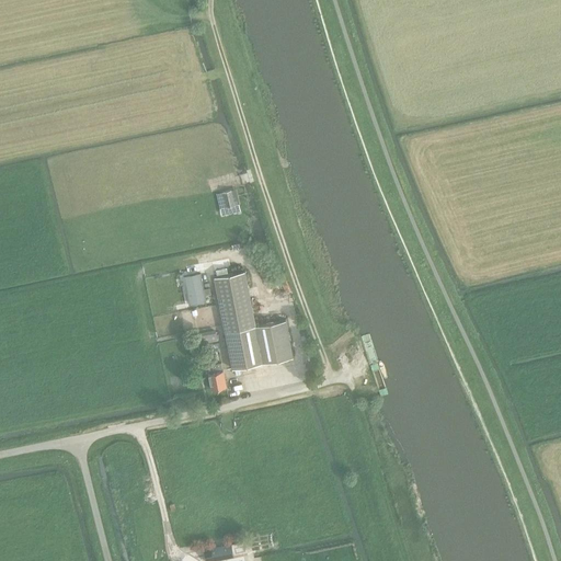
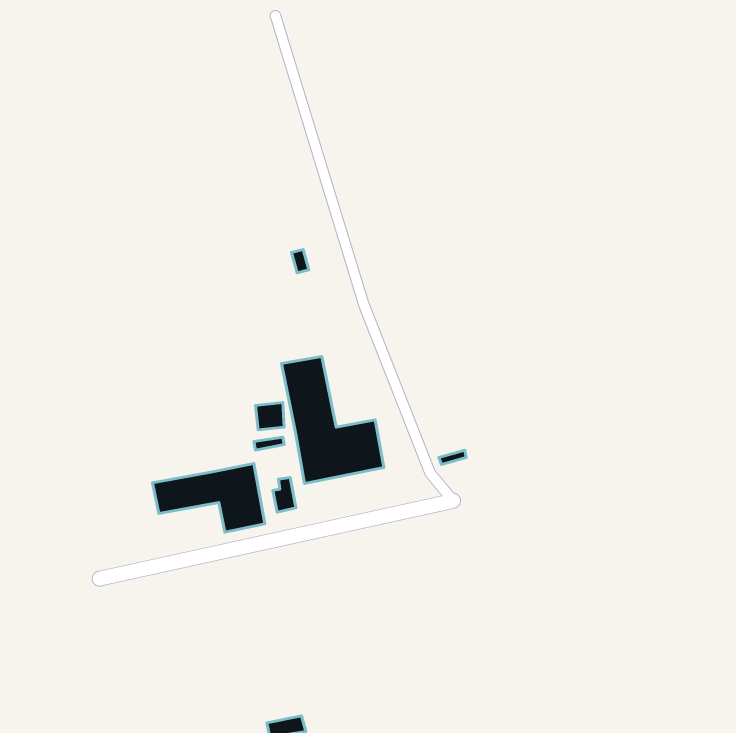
building: [184,276,210,308] -> none
building: none -> [153,464,265,532]

